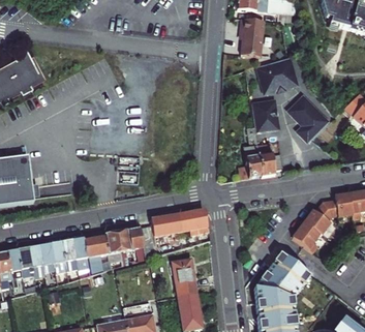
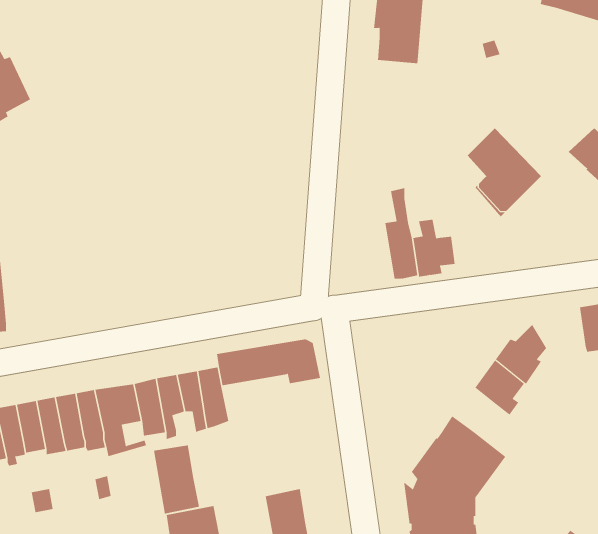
building: [257,56,300,91] -> none
building: [250,95,281,131] -> none
building: [326,191,355,215] -> none
building: [172,258,197,296] -> [153,445,200,514]

